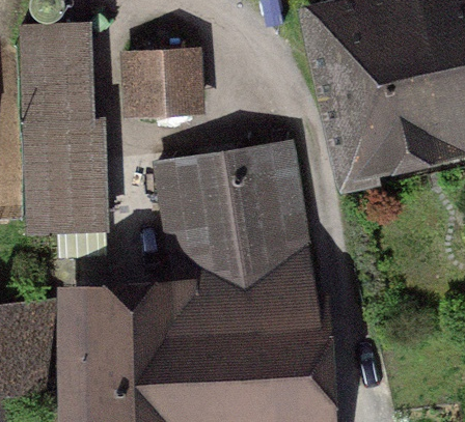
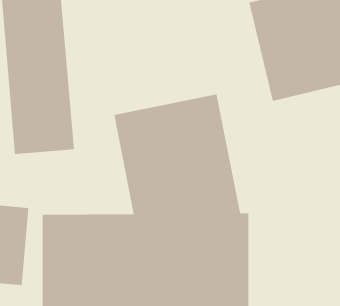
building: [131,52,201,106] -> none

